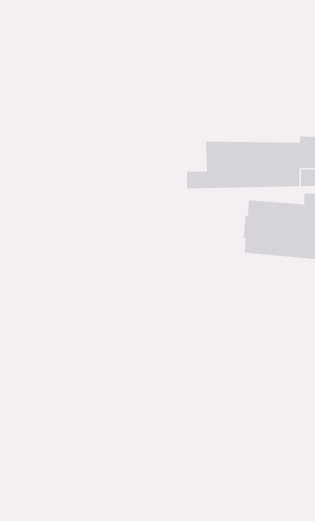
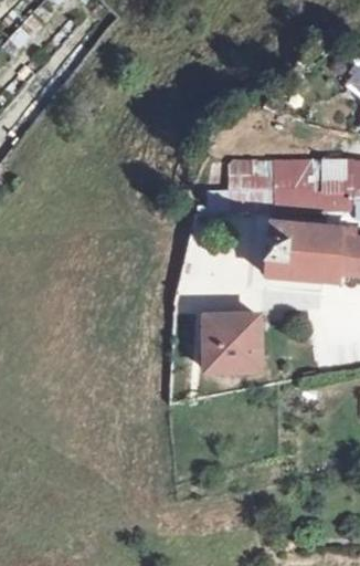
building: none -> [208,315,262,368]

